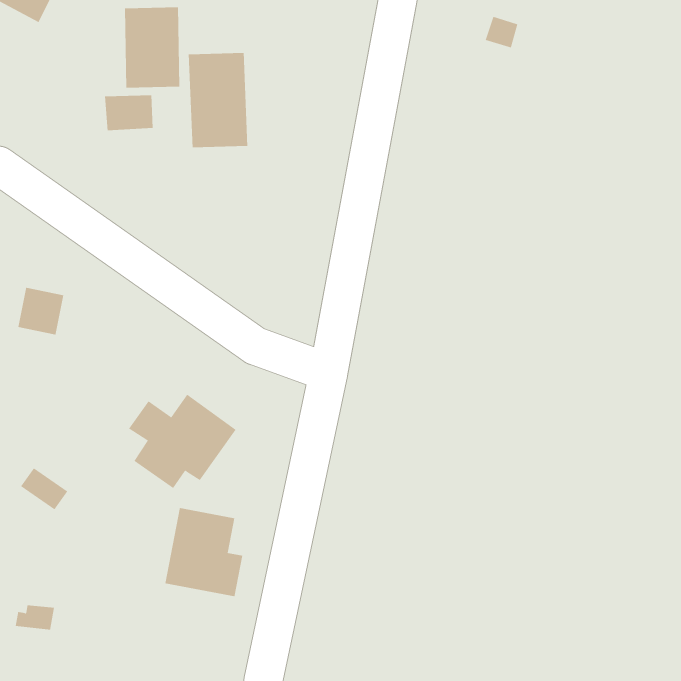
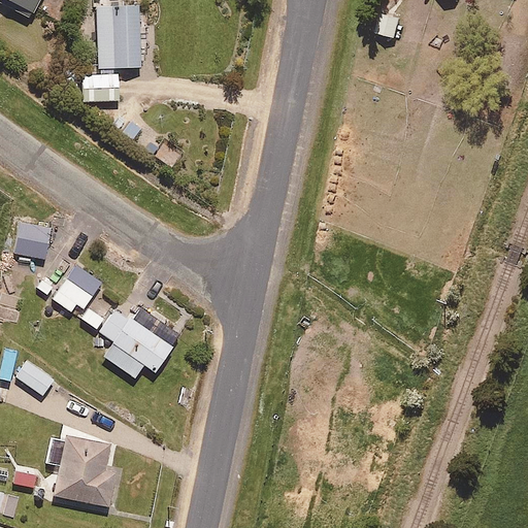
building: [188,52,248,148] -> none
building: none -> [51,264,102,328]
building: [165,507,243,597] -> [54,436,114,505]

